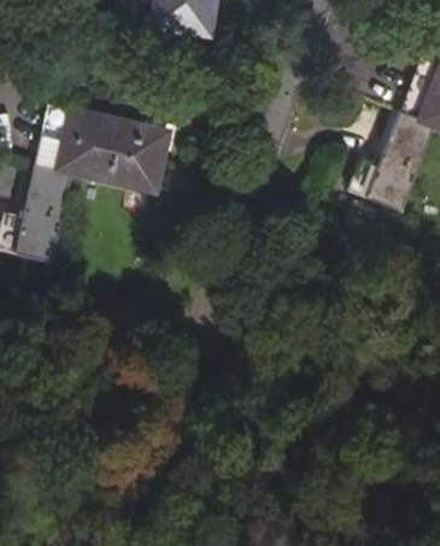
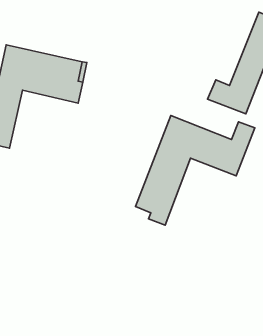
building: none -> [136,116,255,225]

